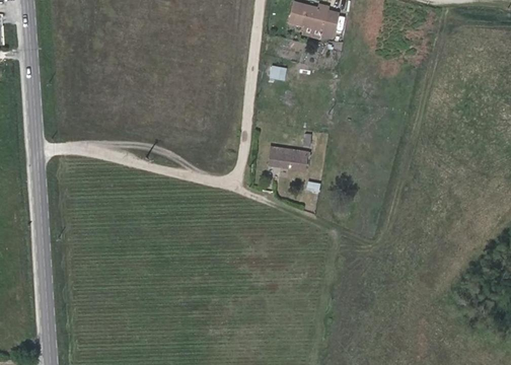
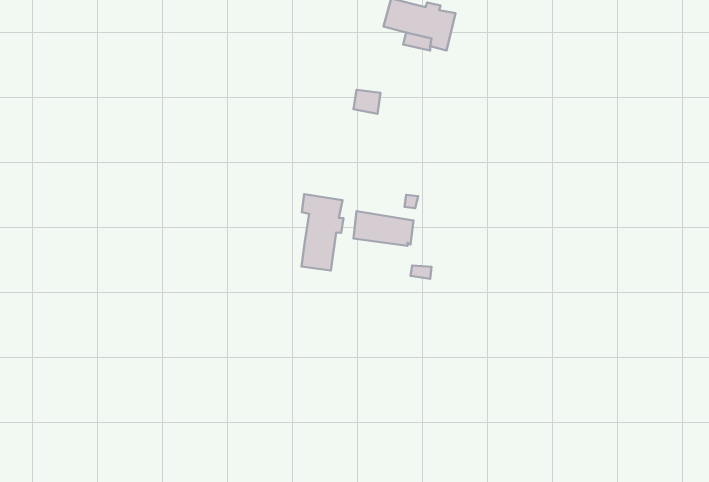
building: none -> [301,194,344,271]

